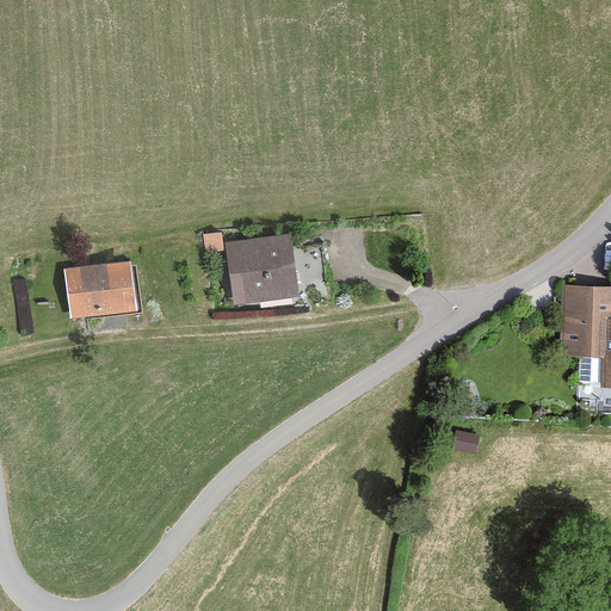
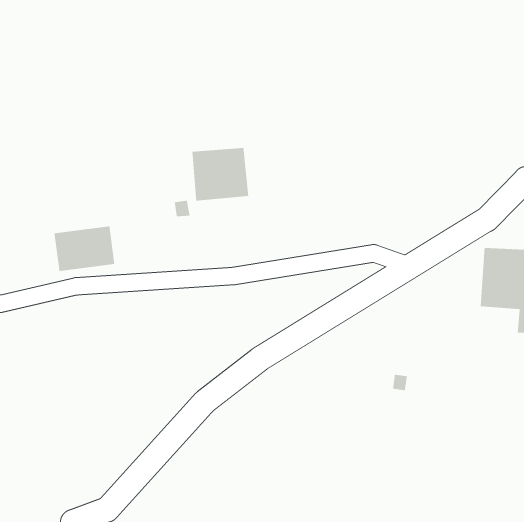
building: [229,236,296,300] -> [192,147,249,202]

